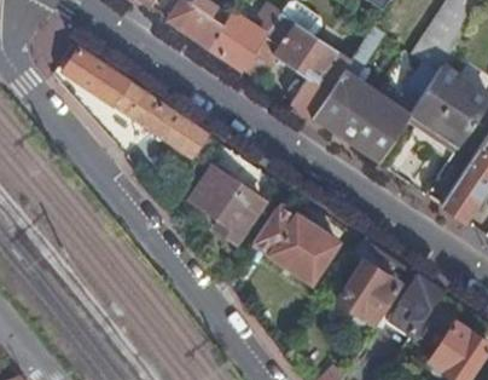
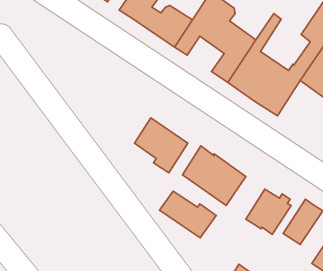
building: [62,47,204,154] -> none
building: none -> [160,191,216,238]

